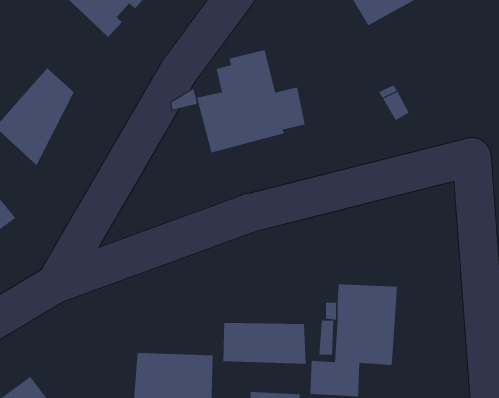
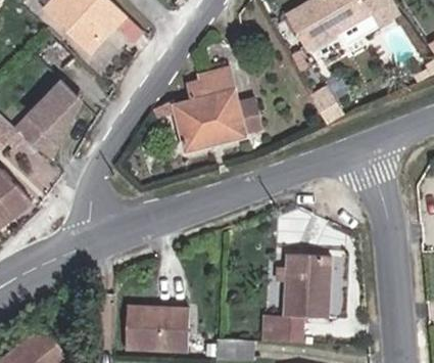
building: [223,322,306,365] -> none

